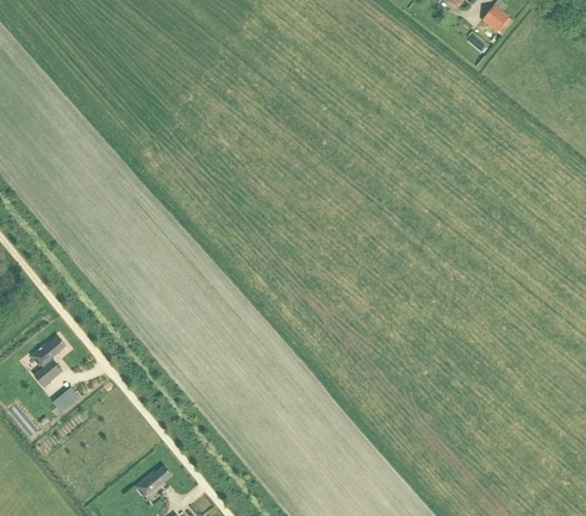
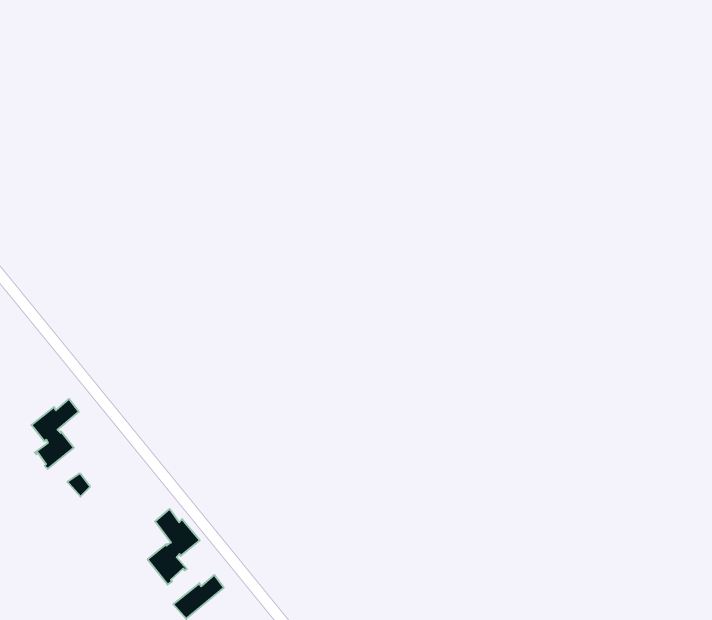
building: none -> [148,509,200,585]

